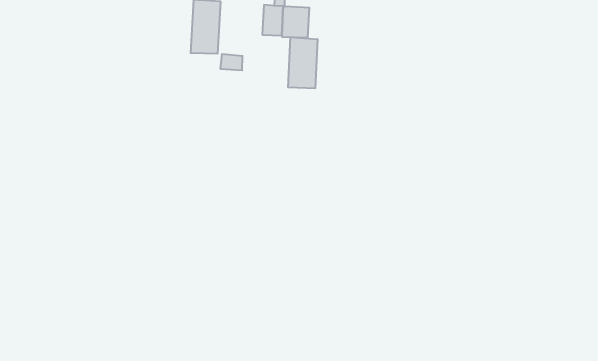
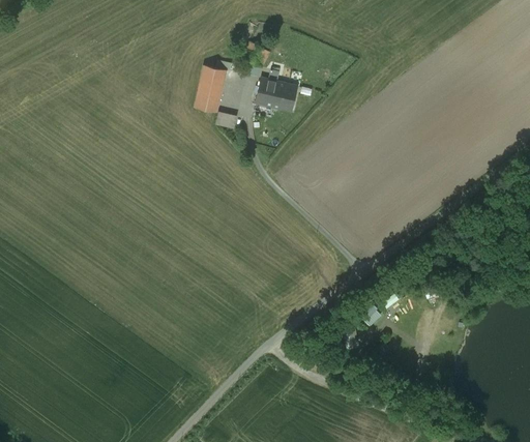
building: [288,37,317,88] -> none

